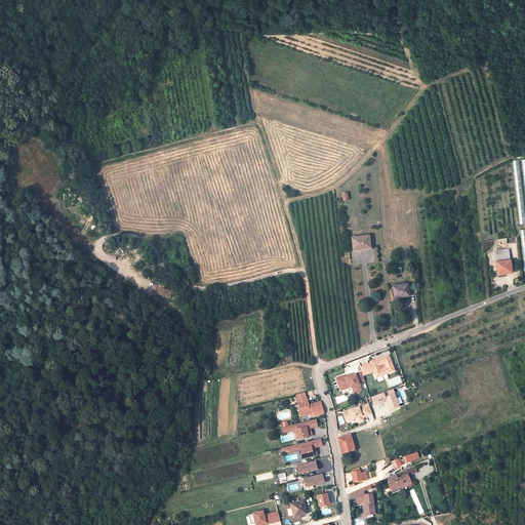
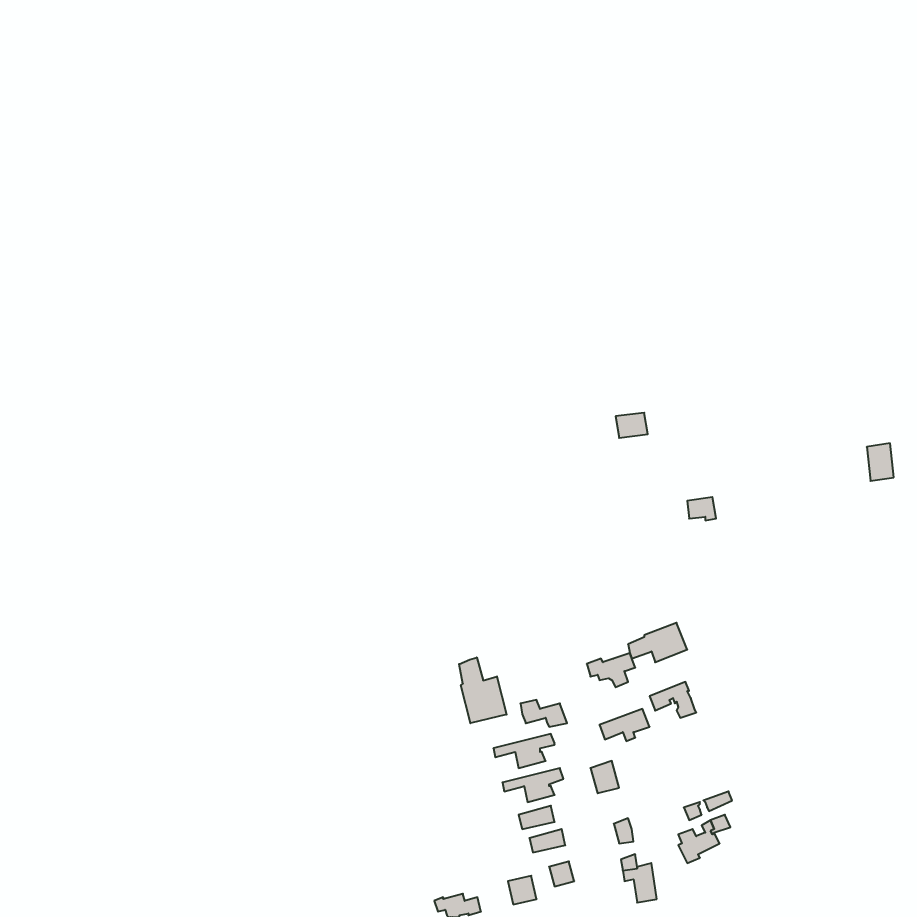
building: none -> [459,657,507,723]

